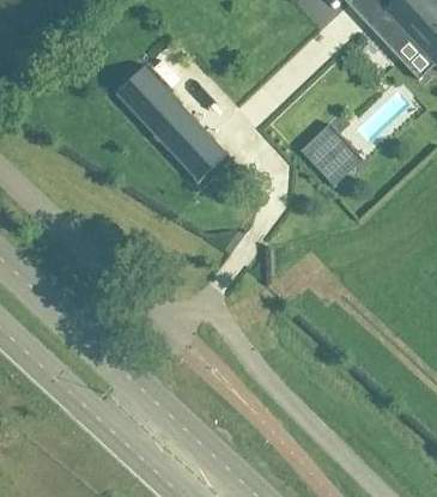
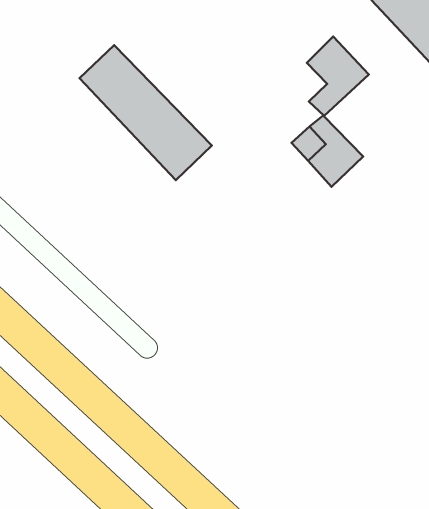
building: none -> [307,36,369,116]

